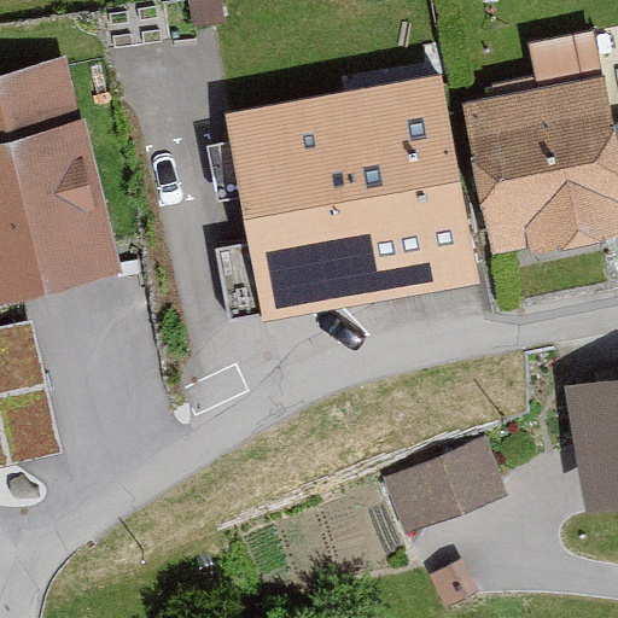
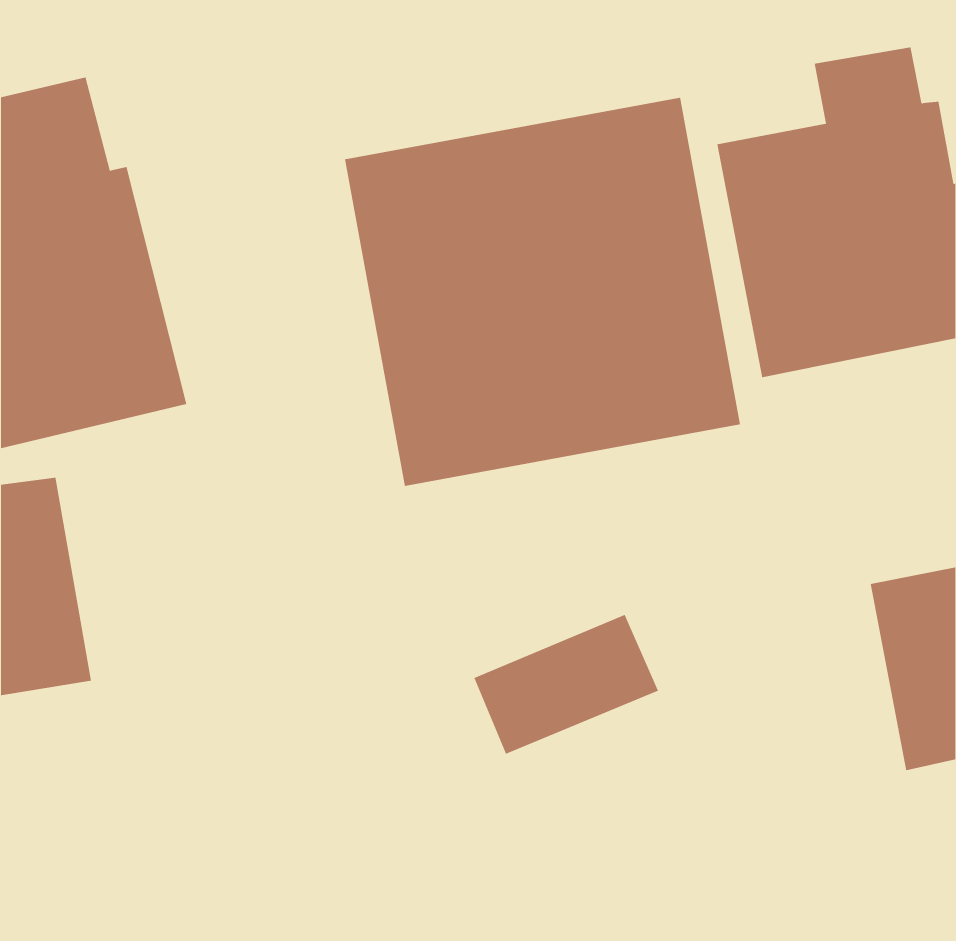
building: [378,447,497,537] -> [474,614,659,755]

